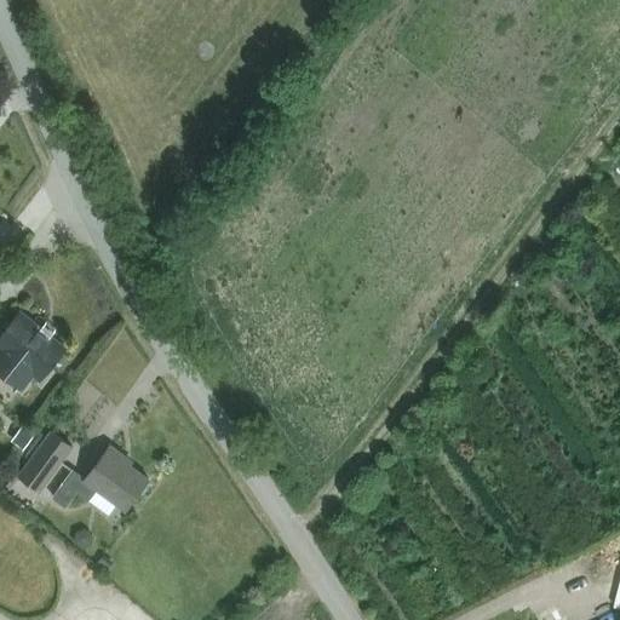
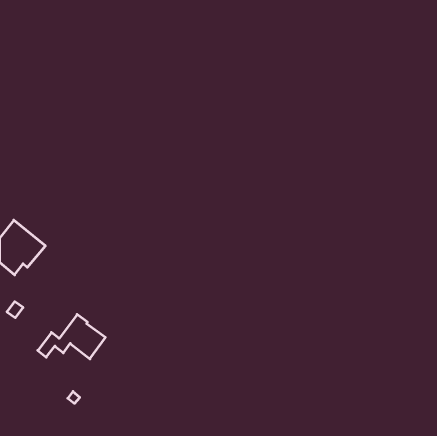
building: [16,432,73,494] -> none

